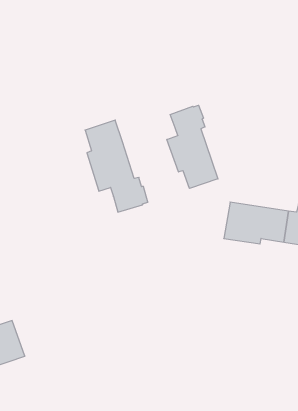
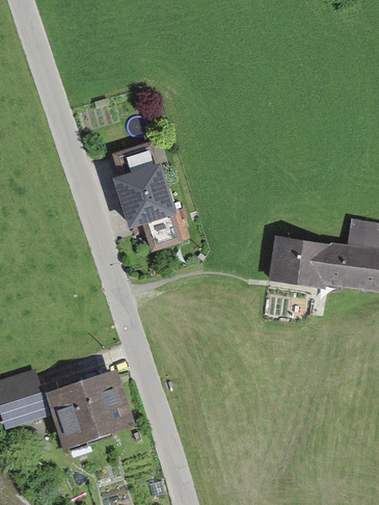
building: [167,105,218,188] -> none
building: none -> [48,374,126,449]

